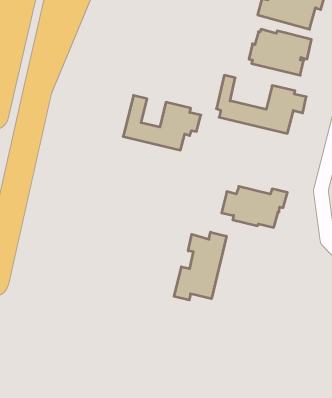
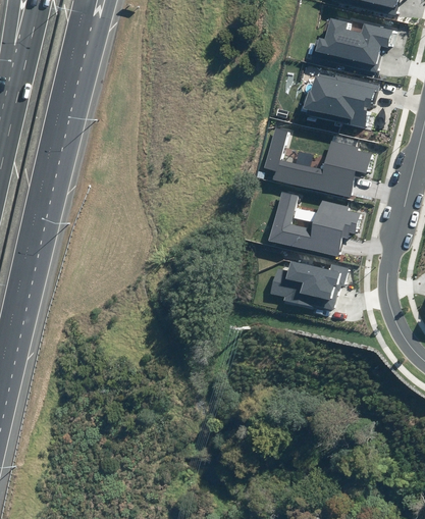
building: [123,95,201,150] -> [268,191,361,256]
building: [174,232,226,300] -> none

